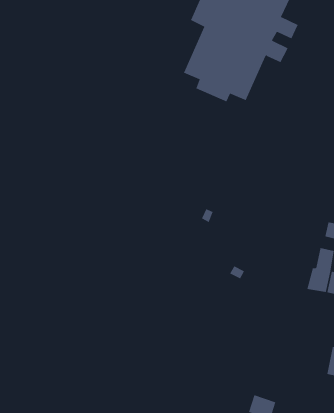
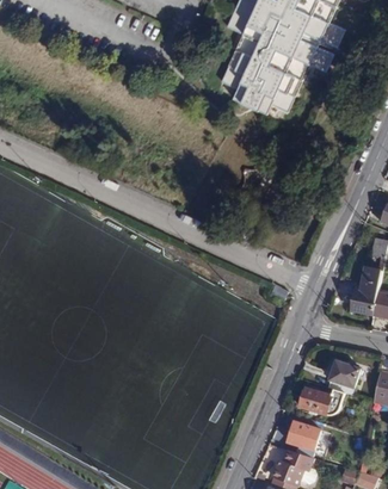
building: none -> [328,360,358,391]
building: none -> [300,386,331,413]

